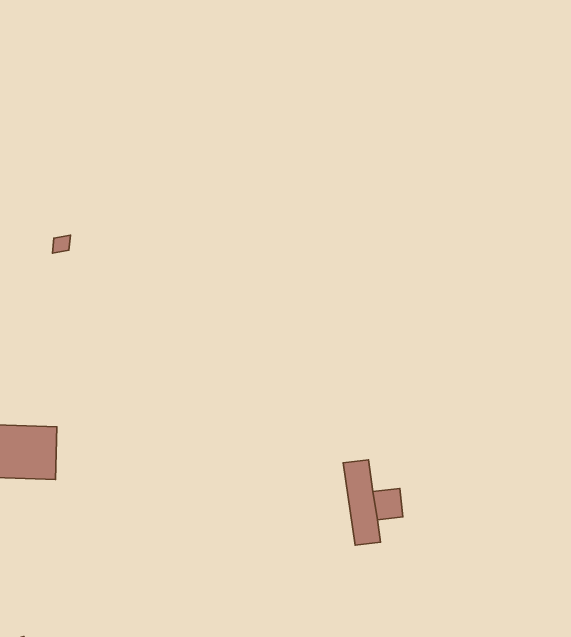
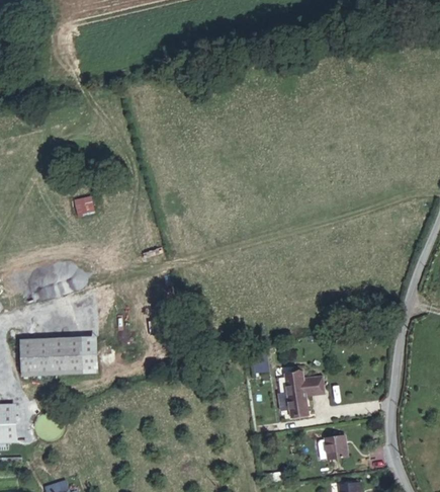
building: none -> [81,332,97,367]
building: none -> [323,434,349,462]

